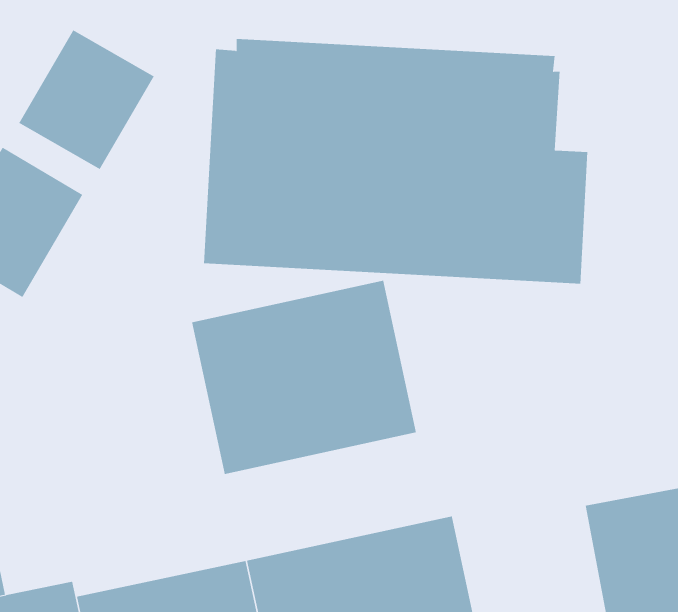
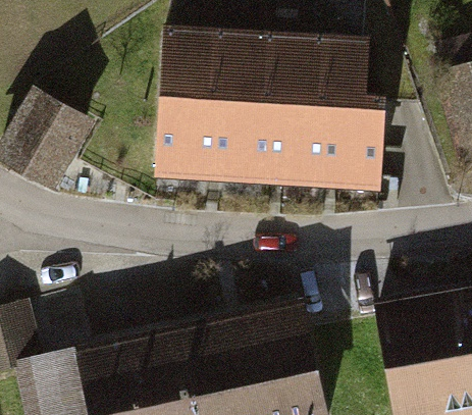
building: [18,30,155,170] -> none
building: [191,280,417,475] -> none

